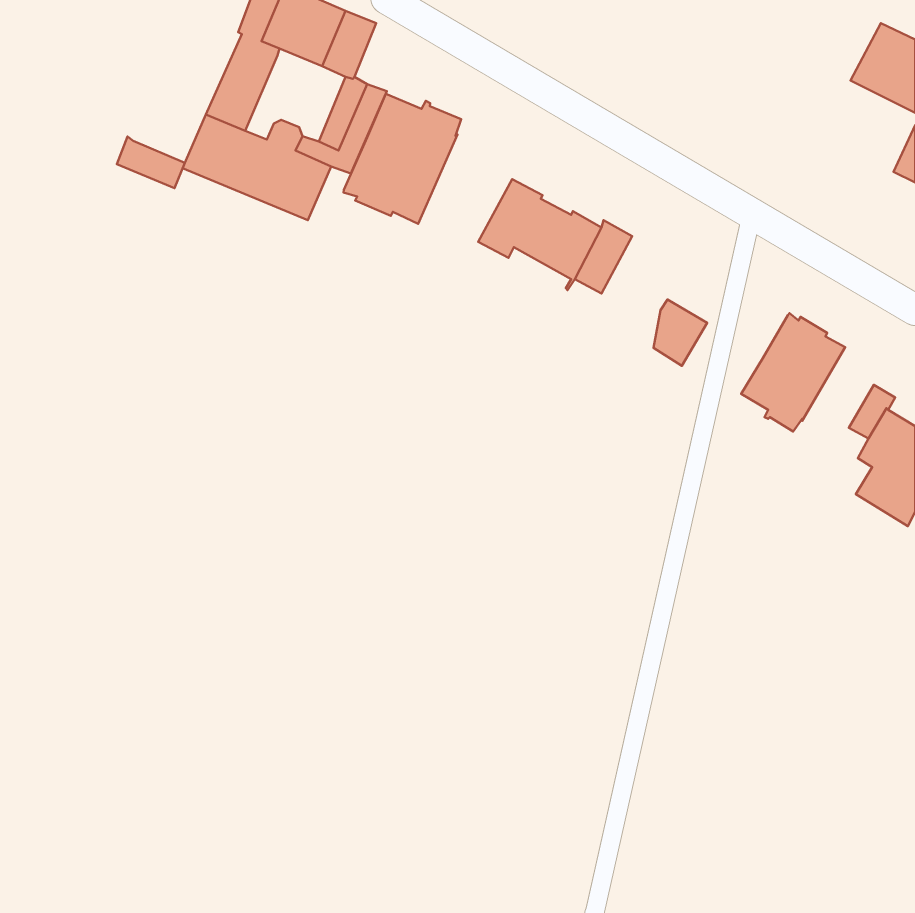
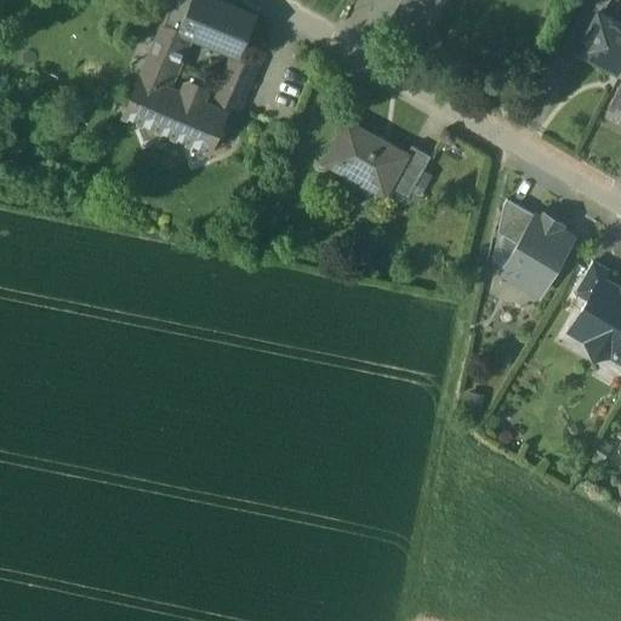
building: [344,94,461,224] -> none
building: [117,137,185,188] -> none
building: [653,299,707,366] -> [497,198,534,243]

